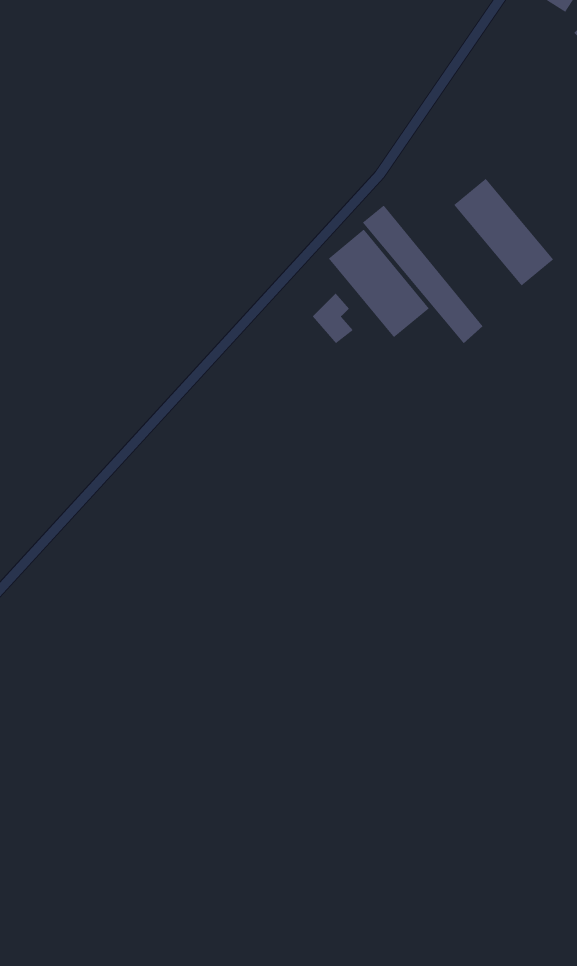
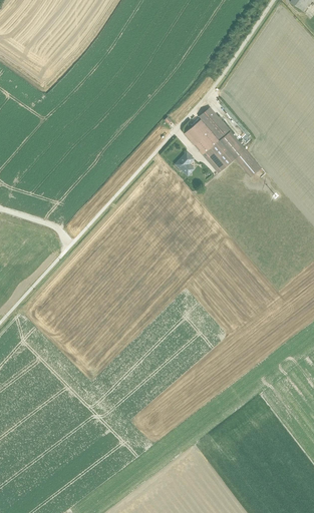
building: [453,178,554,286] -> none

